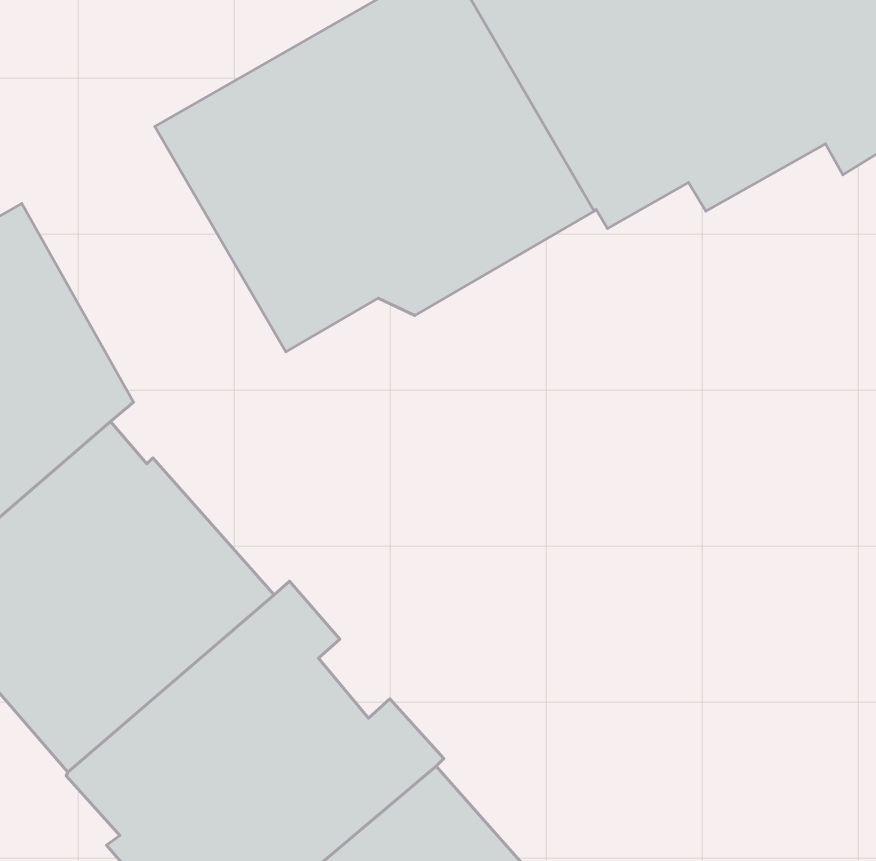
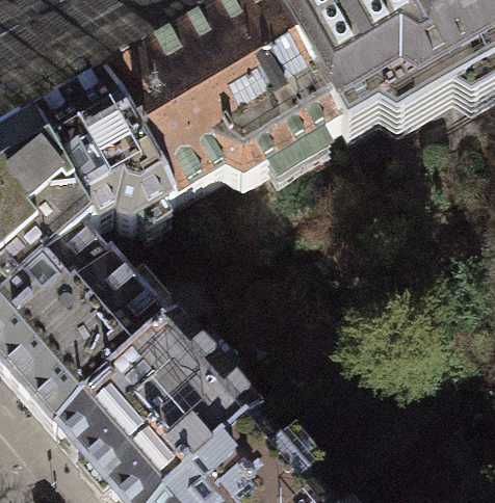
building: none -> [16,77,158,226]

